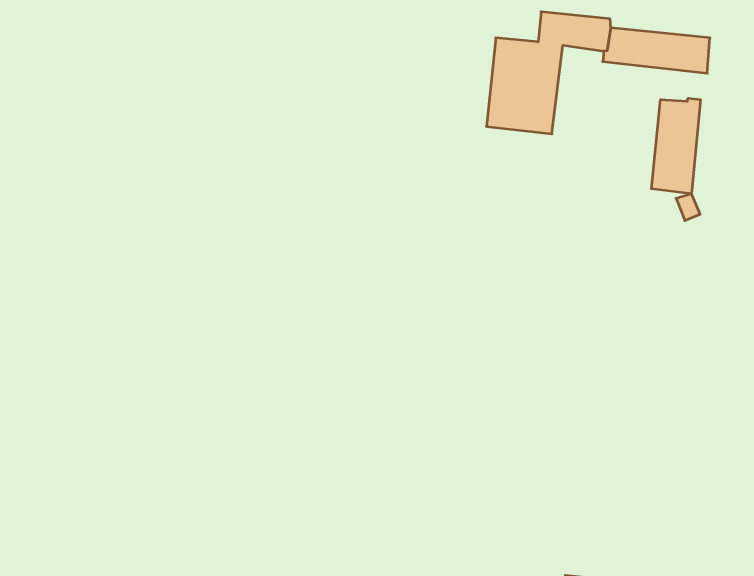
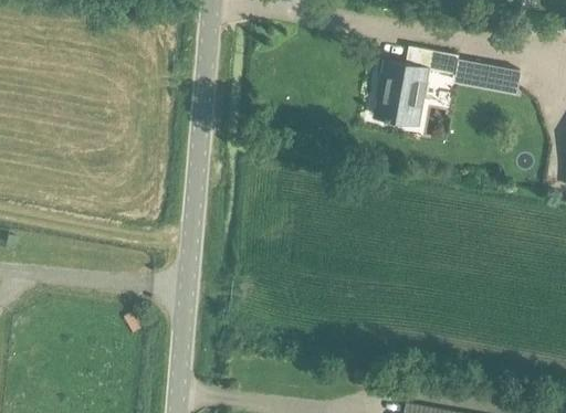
building: [651,98,700,194] -> none

